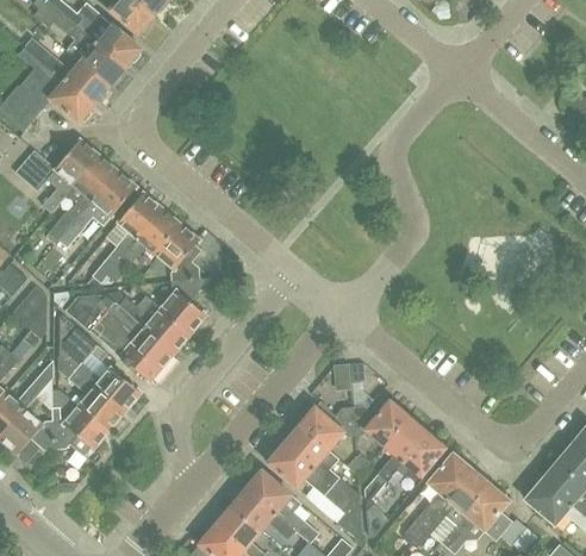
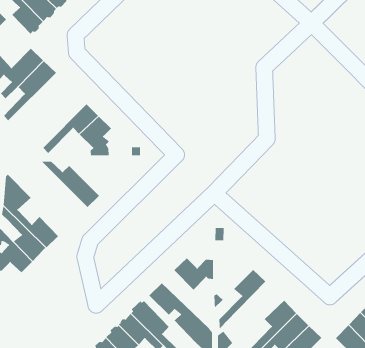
building: [57,170,136,248] -> none
building: [92,193,162,283] -> none
building: [161,277,205,332] -> none
building: [66,293,175,380] -> none
building: [353,392,407,444] -> none
building: [285,425,360,505] -> none
building: [376,430,445,496] -> none

